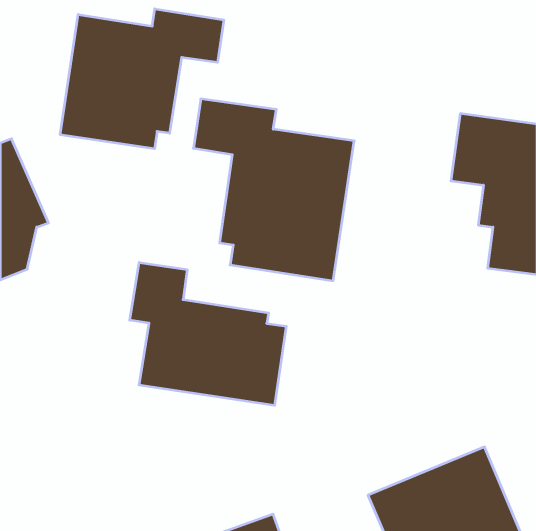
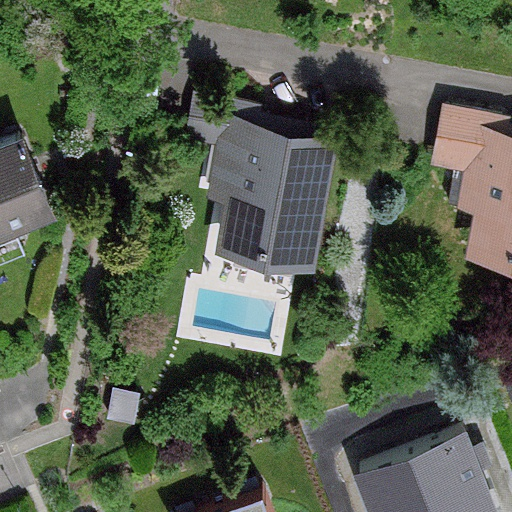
building: [60,9,224,149] -> none
building: [130,262,286,405] -> none

